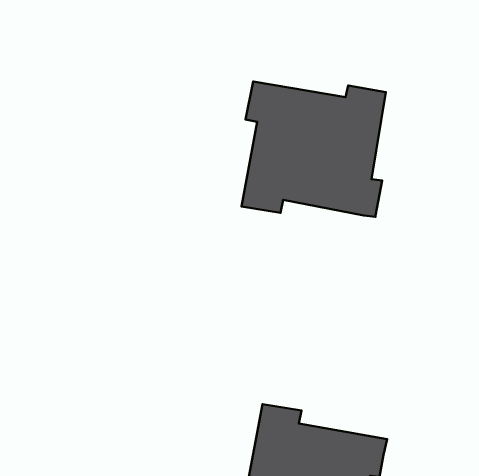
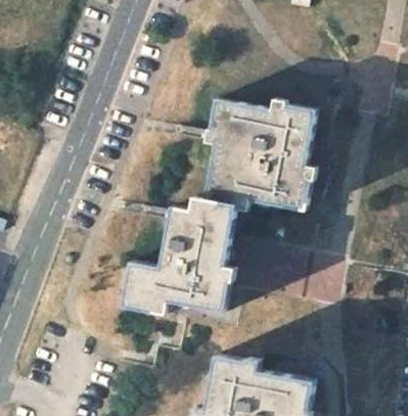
building: none -> [127,194,233,307]

